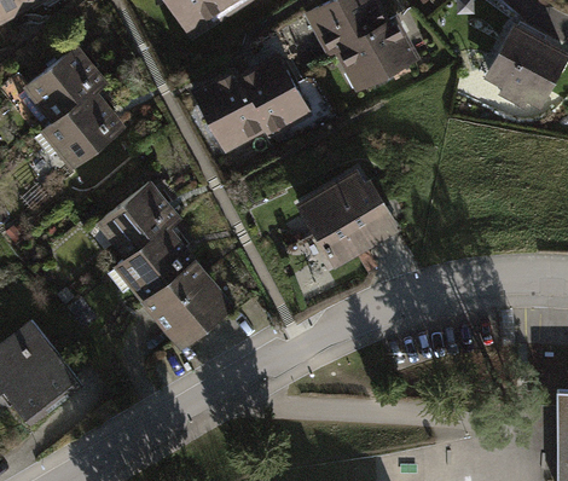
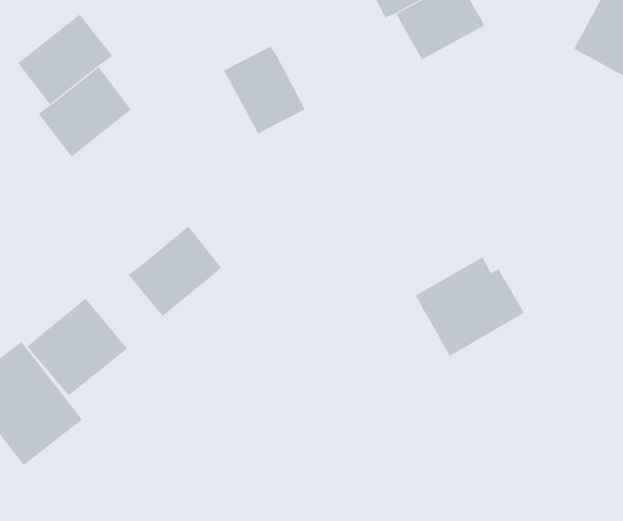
building: [243,63,311,137] -> none
building: [301,175,393,259] -> [415,256,525,356]
building: [103,185,178,257] -> none
building: [145,263,230,346] -> [26,298,128,396]

